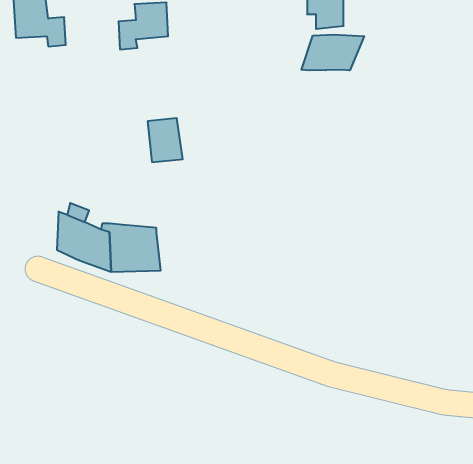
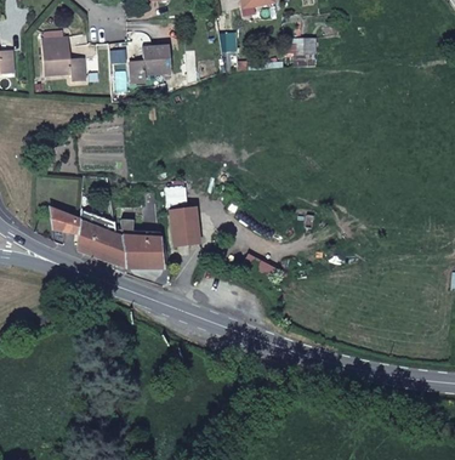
building: [301,35,364,70] -> none
building: [148,118,183,162] -> [170,209,199,245]
building: none -> [50,208,79,250]

